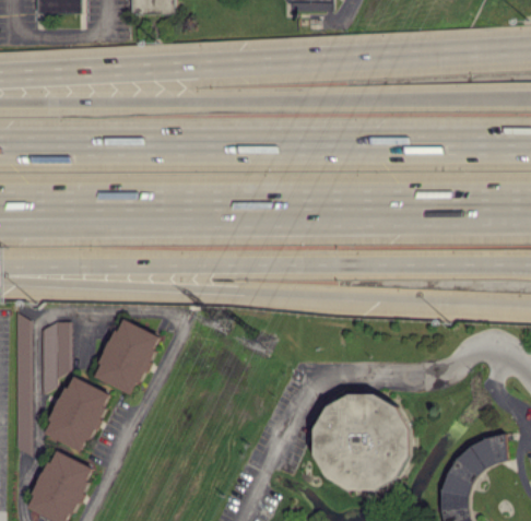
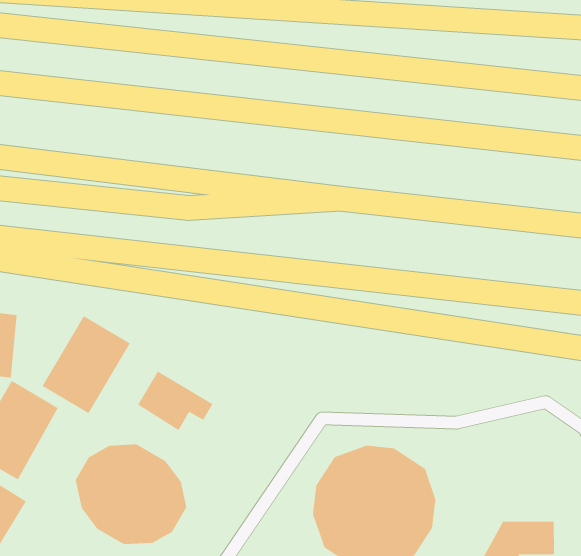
building: none -> [137,371,214,431]
building: none -> [75,443,187,545]

